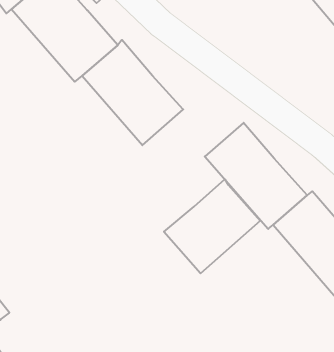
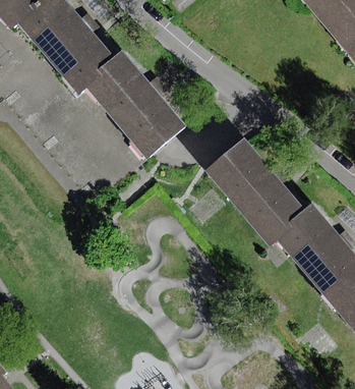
building: [164,179,260,273] -> none

